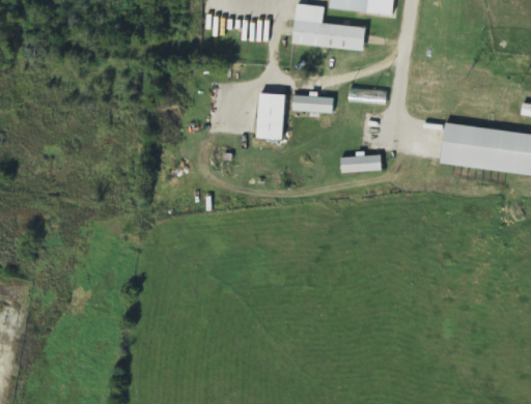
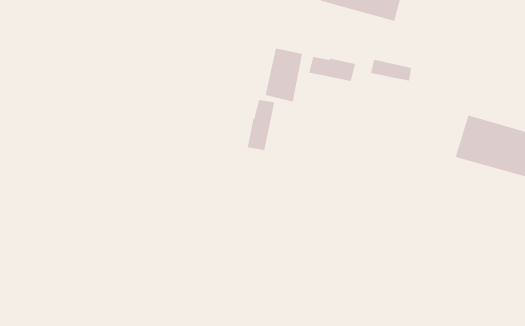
building: none -> [247,99,275,151]
building: [340,154,382,172] -> none

